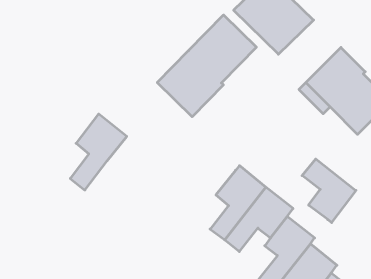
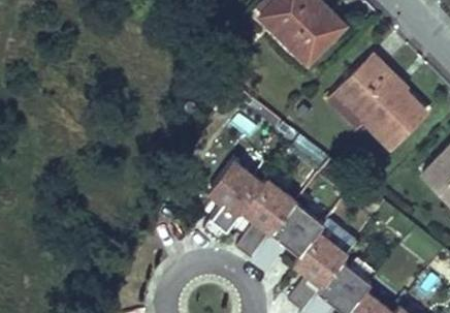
building: [157,15,256,117] -> none
building: [70,114,127,190] -> [202,160,262,241]
building: [302,159,356,223] -> none

